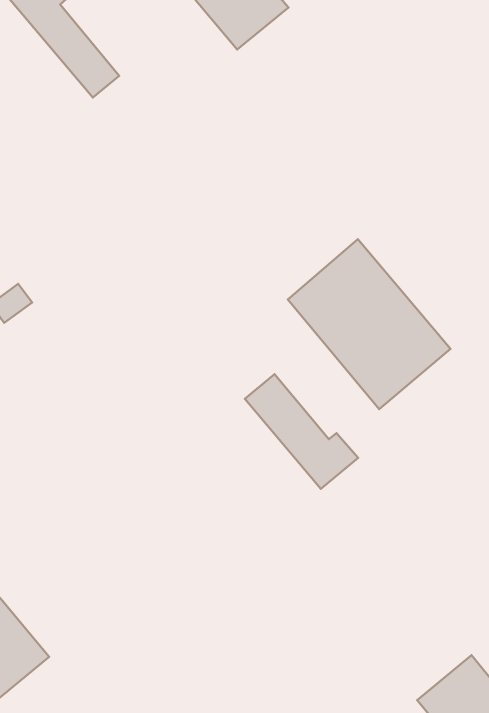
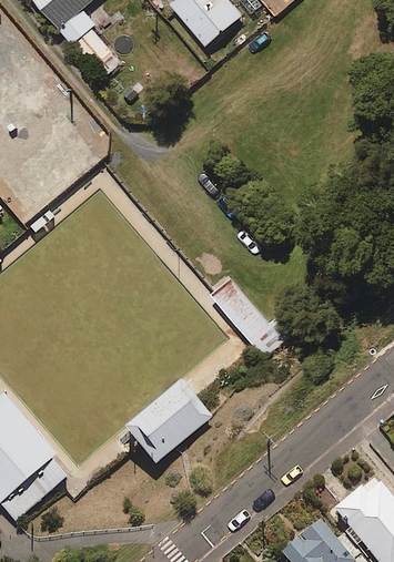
building: [288,239,451,409] -> none
building: none -> [121,377,210,463]

